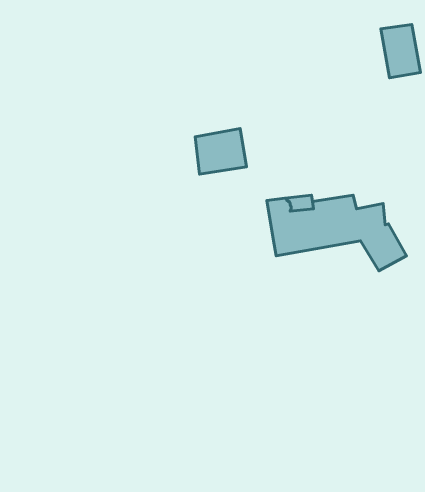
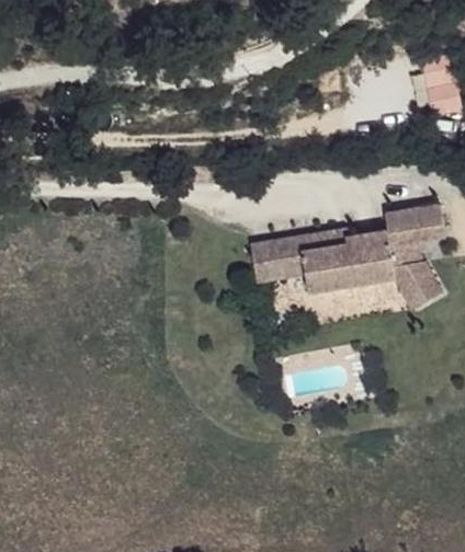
building: [195,128,247,174] -> [252,235,305,283]
building: none -> [385,204,445,244]

